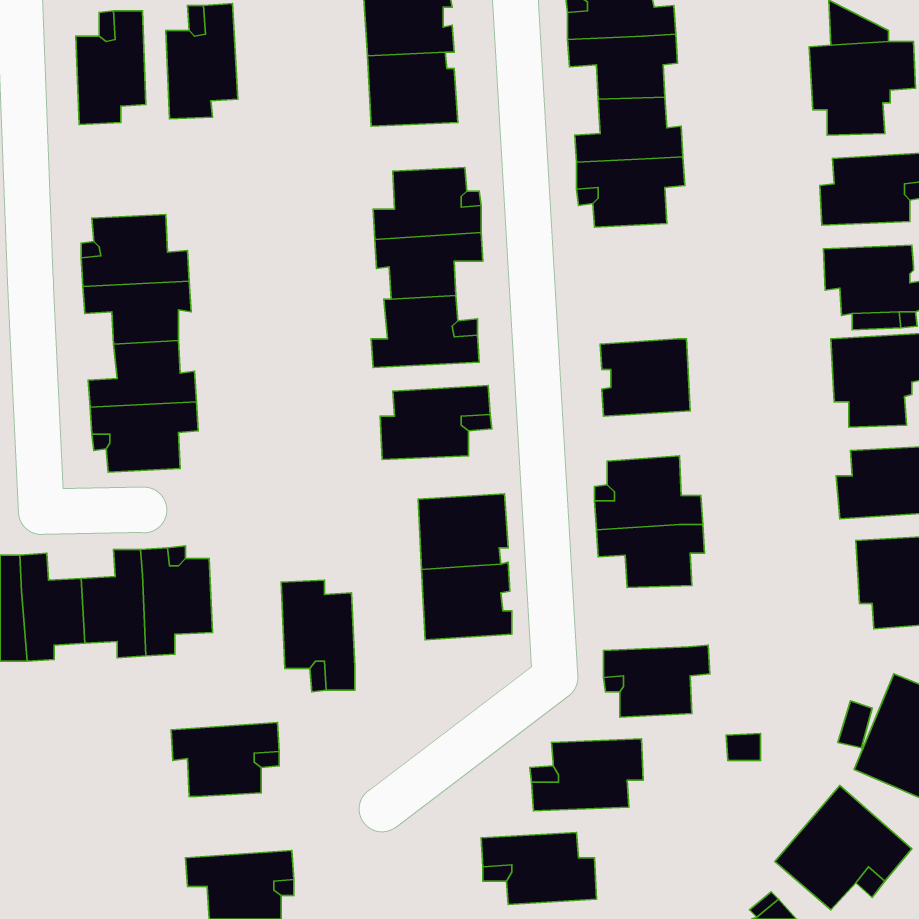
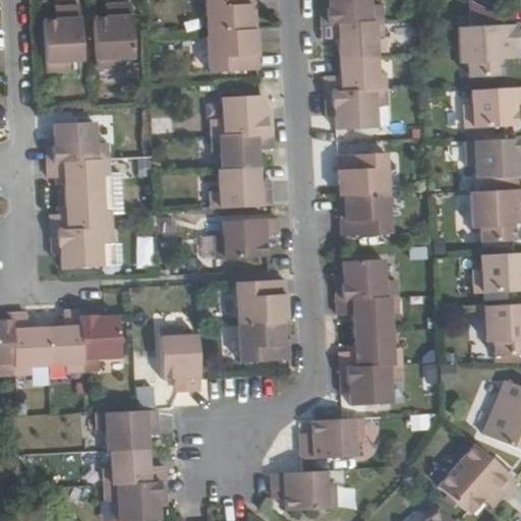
building: none -> [338,152,389,194]
building: none -> [341,331,401,367]
building: none -> [105,448,166,484]

